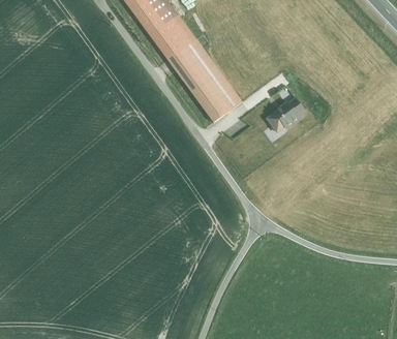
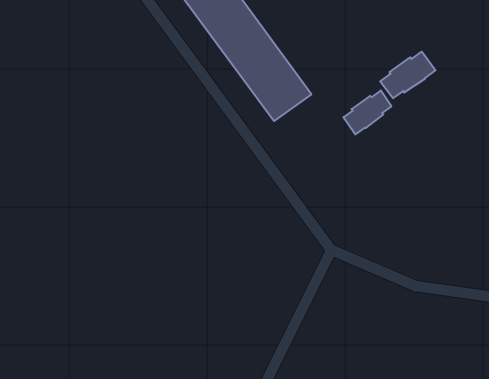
building: none -> [380,52,436,98]

